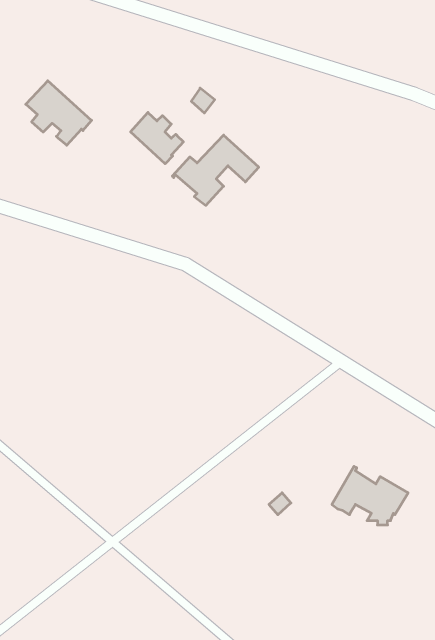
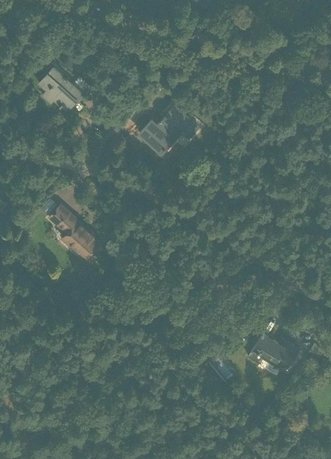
building: [131,112,183,164] -> none
building: none -> [48,205,101,263]

